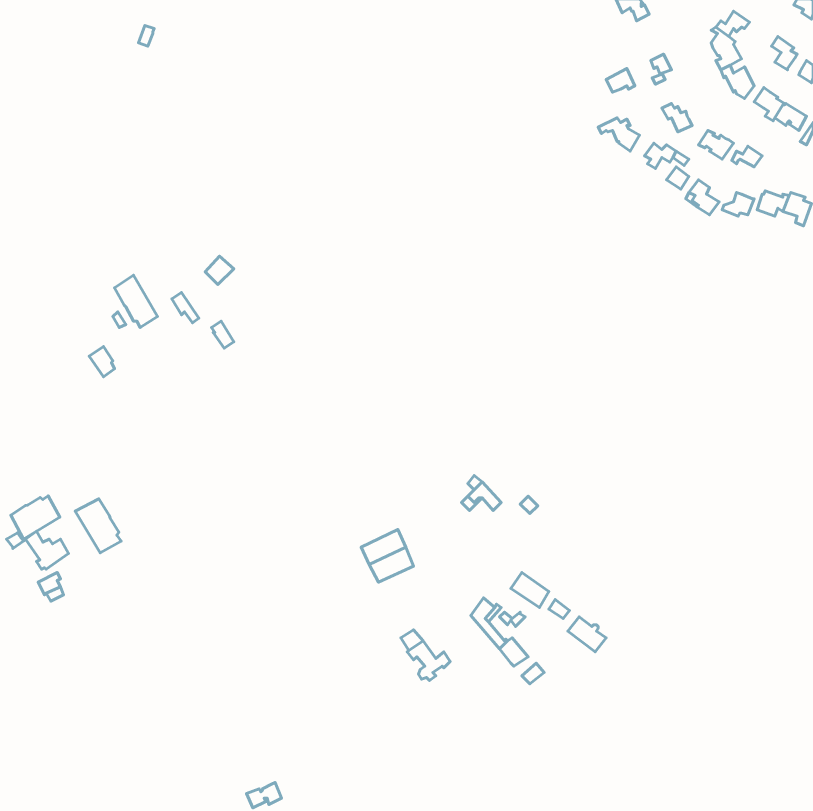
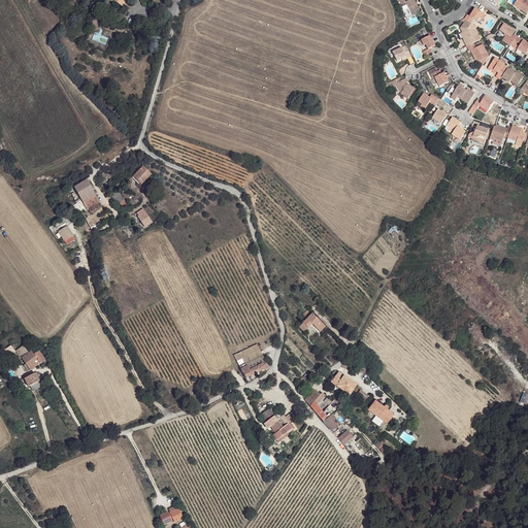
building: [11,496,60,539] -> none
building: [75,499,121,553] -> none

